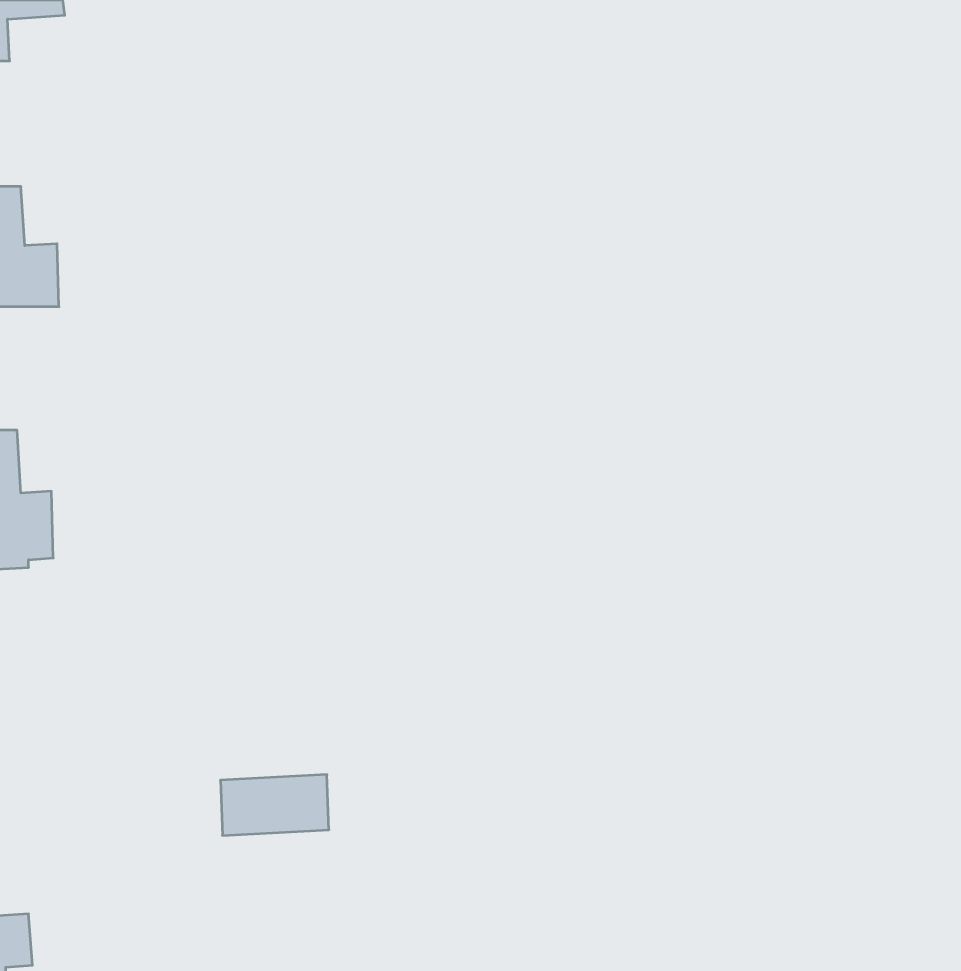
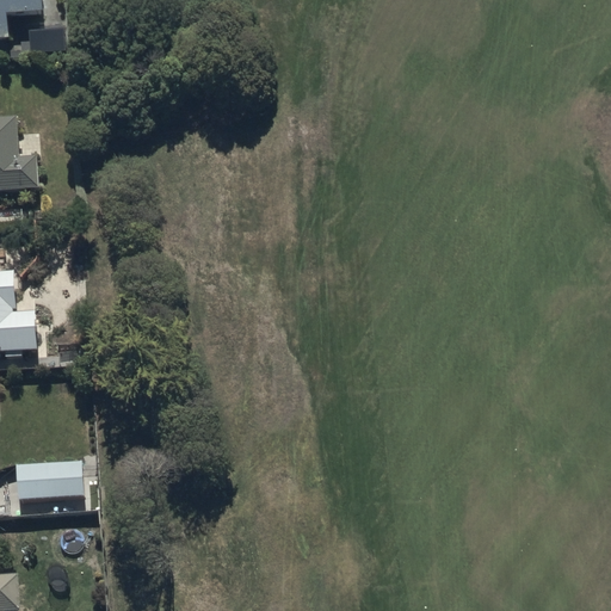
building: [220,775,329,835] -> [11,462,79,500]

